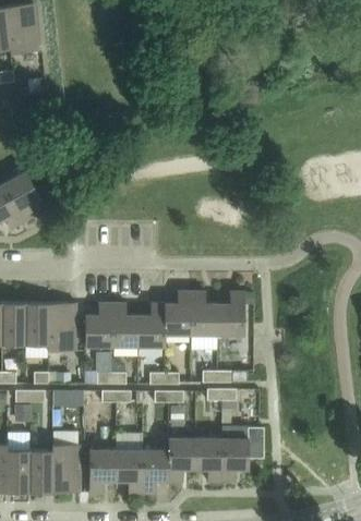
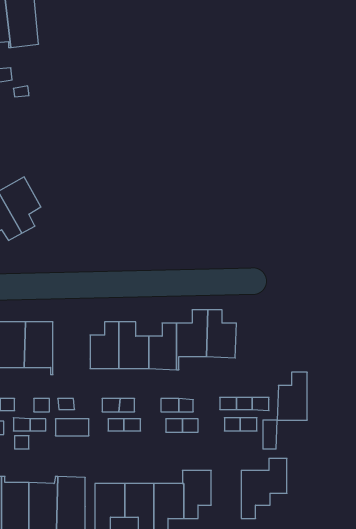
building: [217,292,244,336] -> [277,372,307,420]
building: [51,303,76,351] -> none
building: [195,438,222,482] -> none

